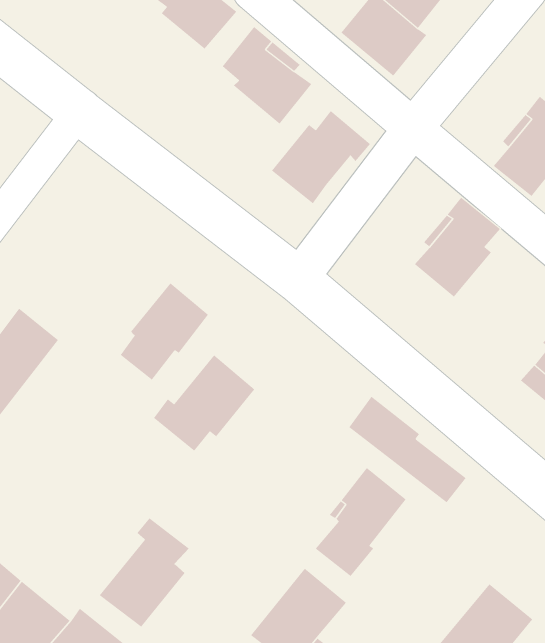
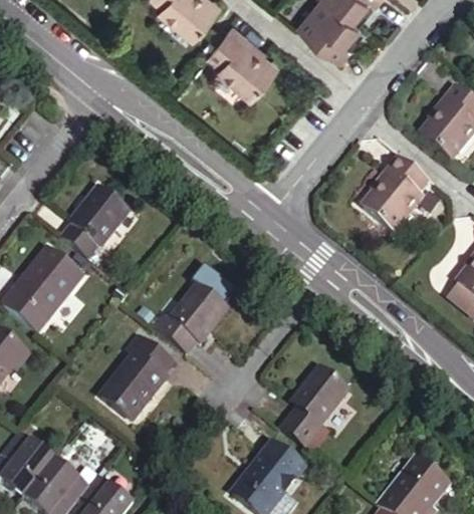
building: [271,110,371,204] -> none
building: [120,282,209,381] -> [64,178,134,254]
building: [348,396,467,503] -> none
building: [99,517,189,627] -> [98,335,169,421]

